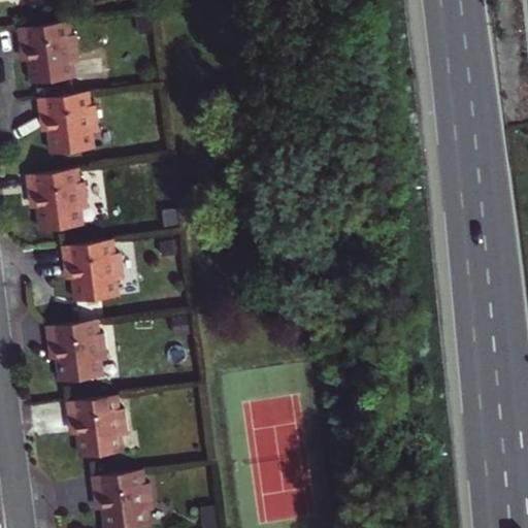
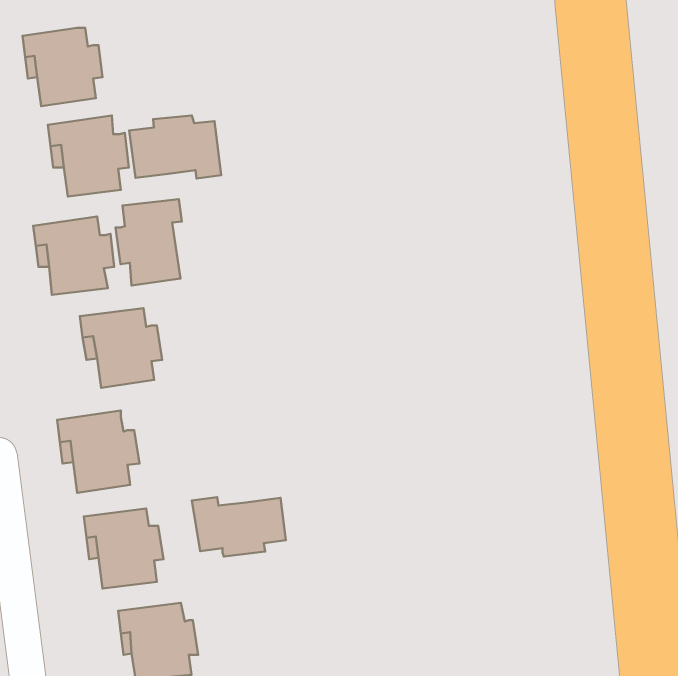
building: none -> [129,115,221,178]
building: none -> [116,199,182,285]
building: none -> [192,497,286,557]

